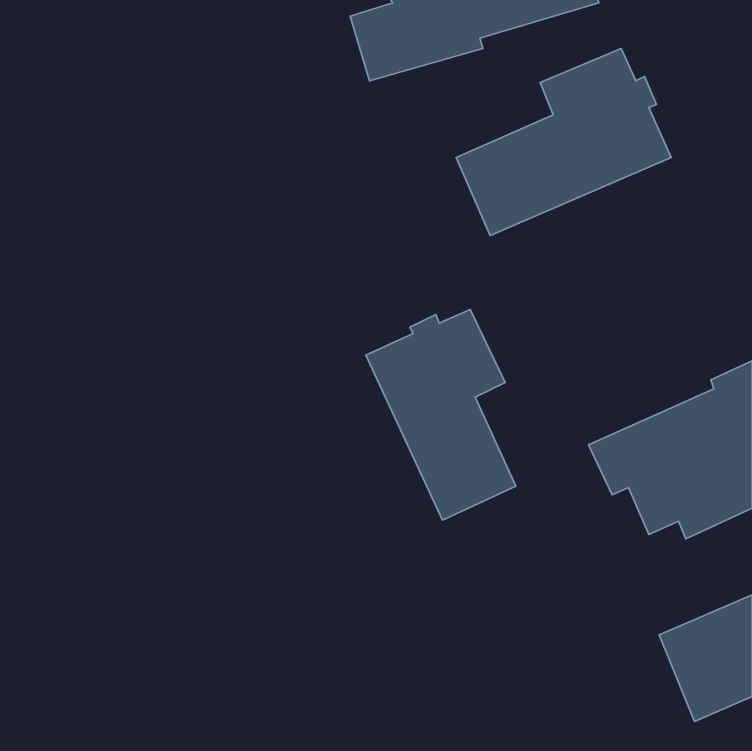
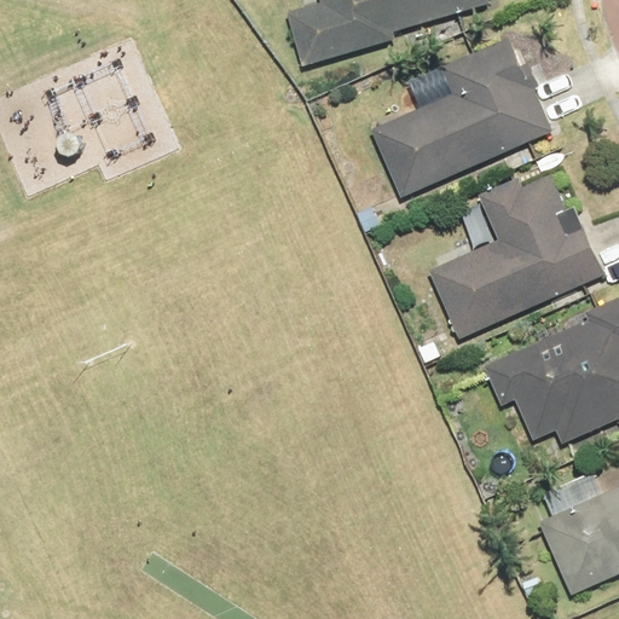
building: none -> [430,173,602,337]
building: [366,309,516,520] -> none

